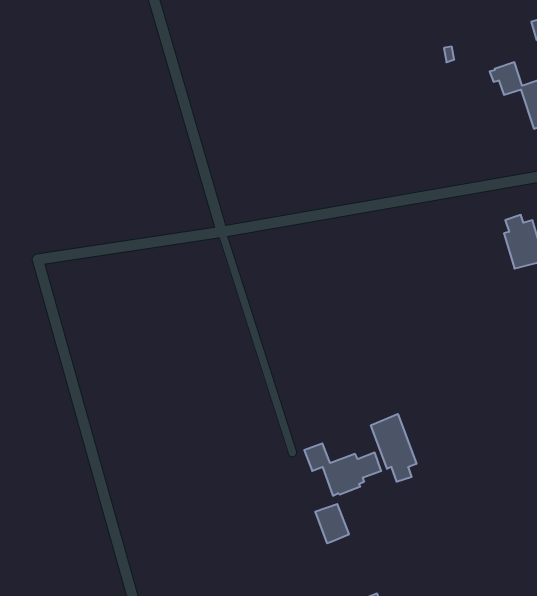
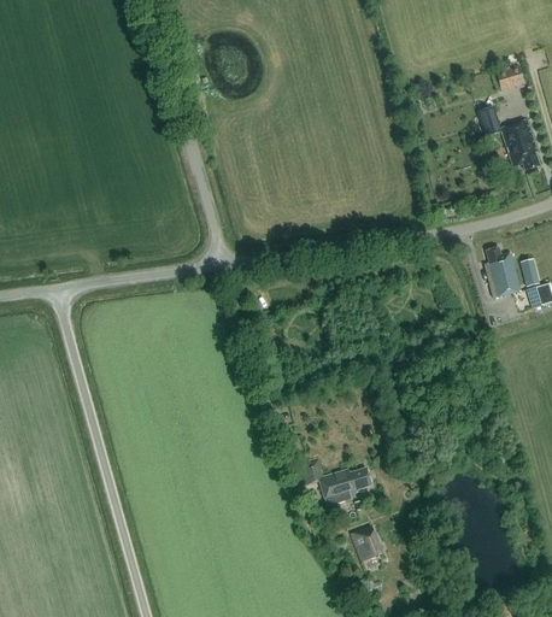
building: [371,414,416,482] -> none
building: [315,504,349,543] -> [350,525,381,562]

